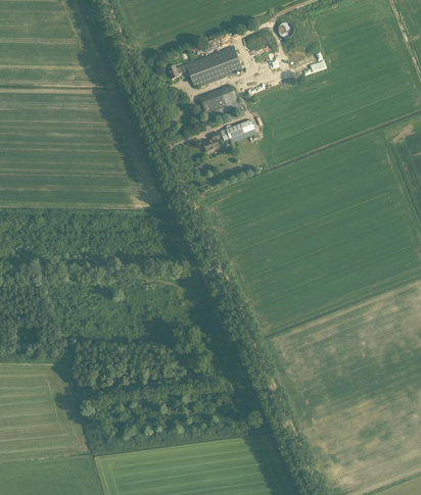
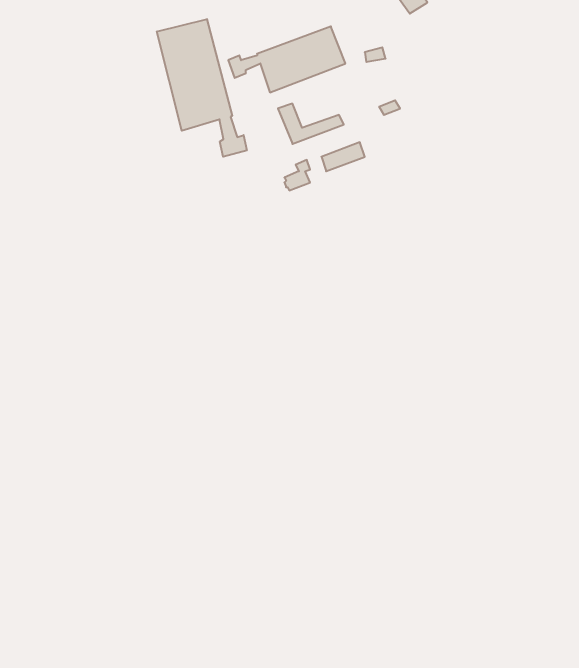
building: none -> [157,19,247,157]

